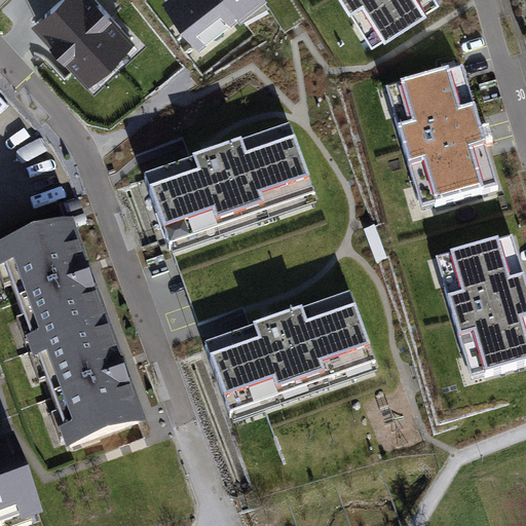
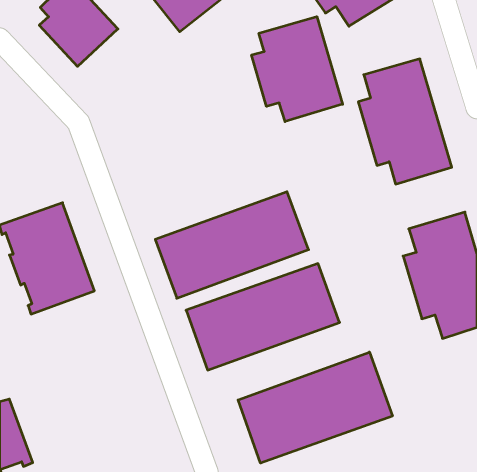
building: none -> [252,17,343,122]
building: [143,122,311,239] -> [155,192,309,298]
building: [34,320,139,441] -> none
building: none -> [238,352,392,463]

